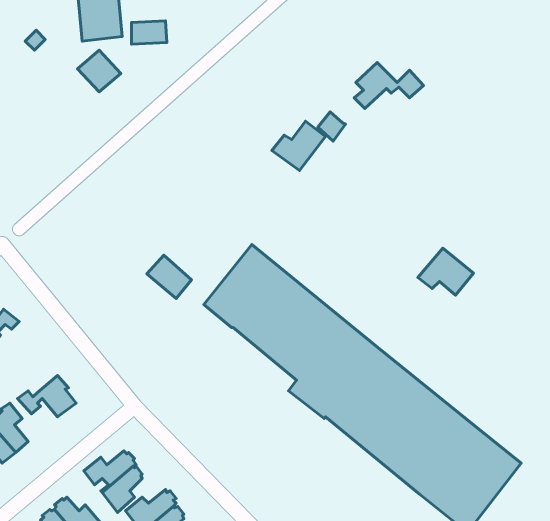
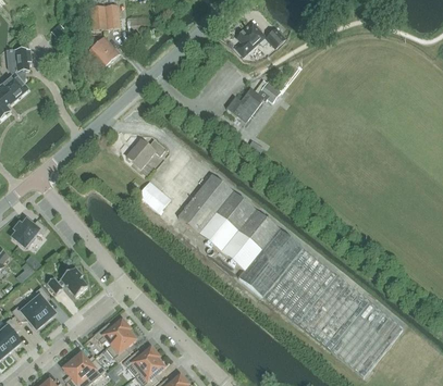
building: [354,62,423,109] -> [236,23,285,55]
building: none -> [127,139,165,167]
building: [418,248,474,295] -> none

